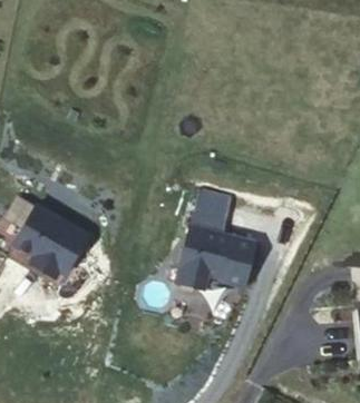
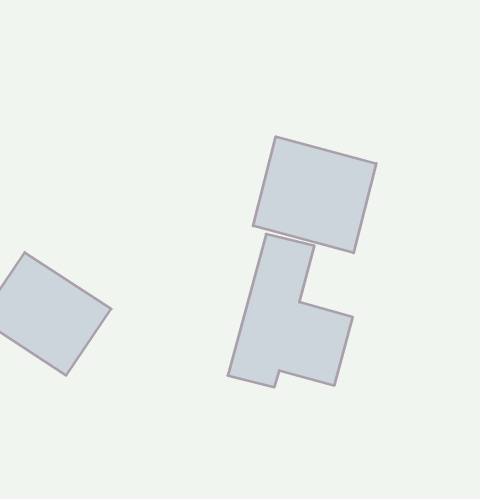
building: none -> [253,137,376,253]

